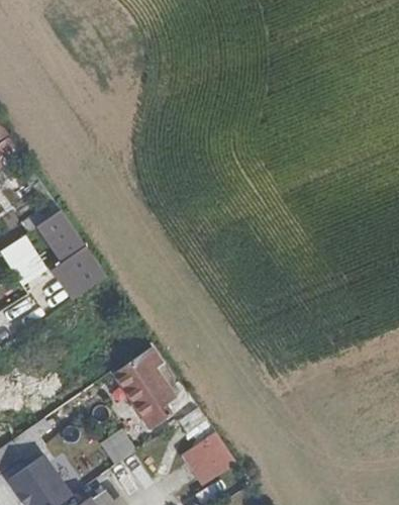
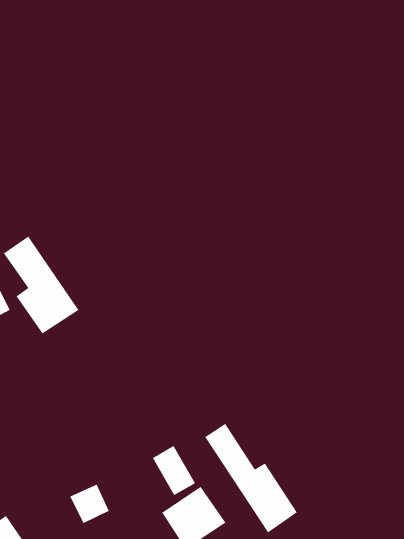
building: [114,359,175,414] -> none
building: none -> [204,423,298,534]

